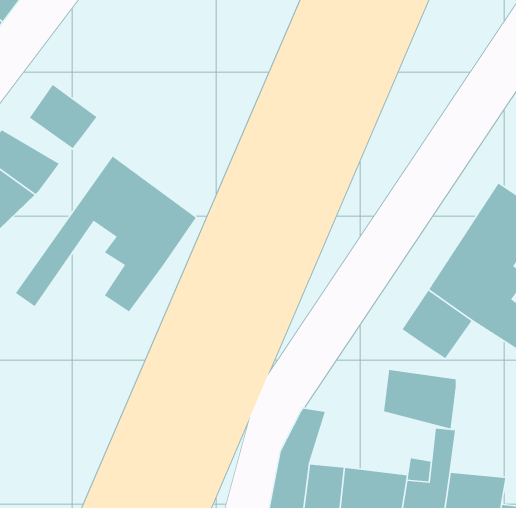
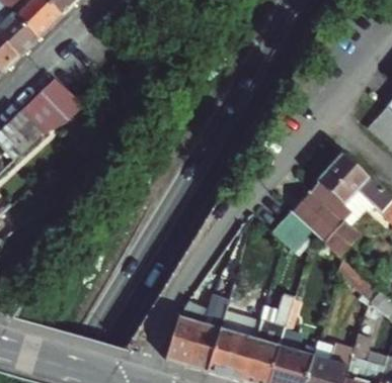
building: [29,84,97,149] -> none
building: [15,156,197,313] -> none
building: [383,369,457,429] -> none

